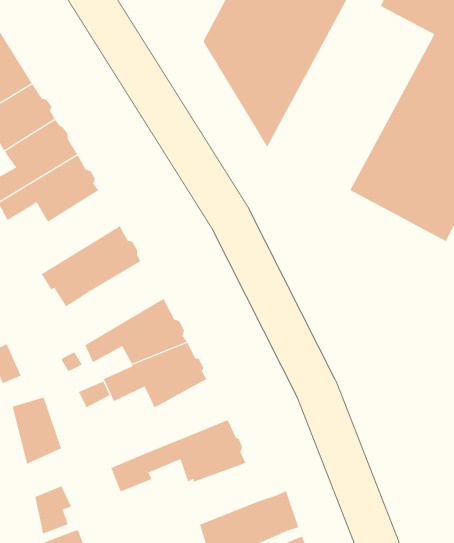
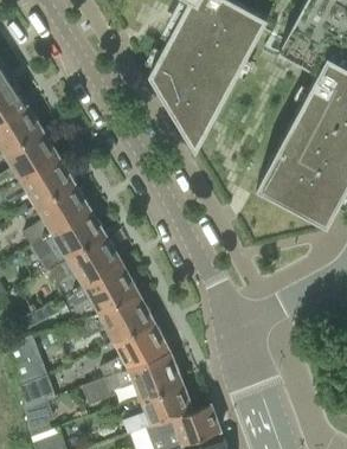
building: none -> [24,182,90,244]
building: none -> [51,235,122,296]
building: none -> [101,321,169,377]
building: none -> [21,372,57,408]
building: none -> [123,383,193,436]

